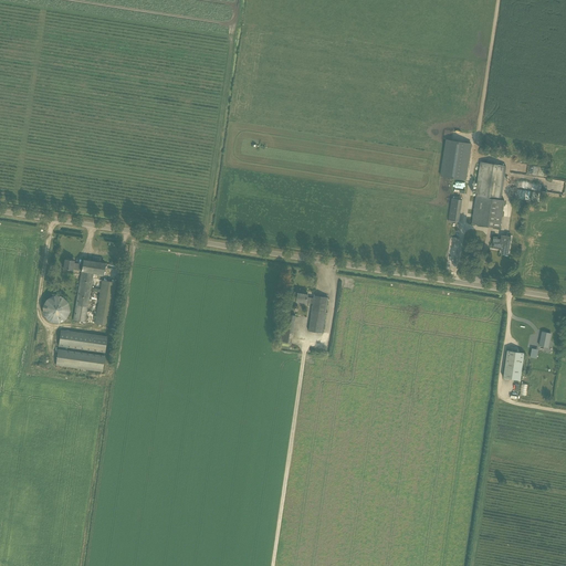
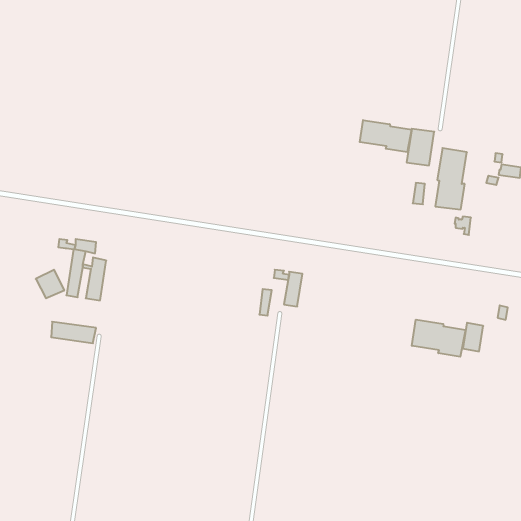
building: none -> [360,120,412,152]
building: [57,329,106,352] -> none
building: none -> [412,320,465,357]

